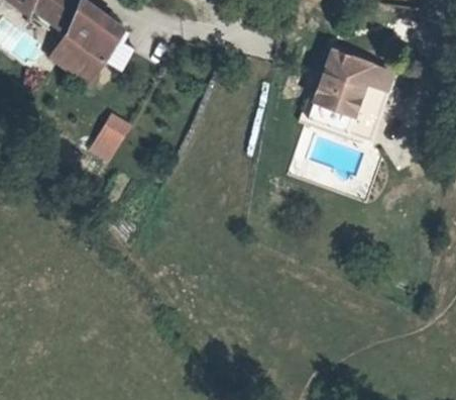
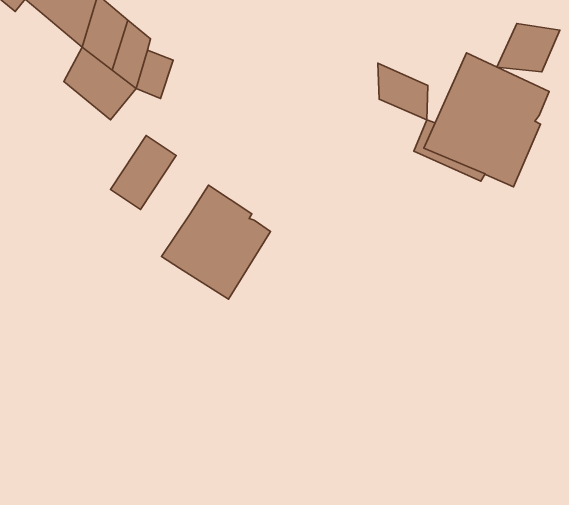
building: none -> [497,24,560,72]
building: none -> [378,63,428,120]
building: none -> [161,185,271,299]

